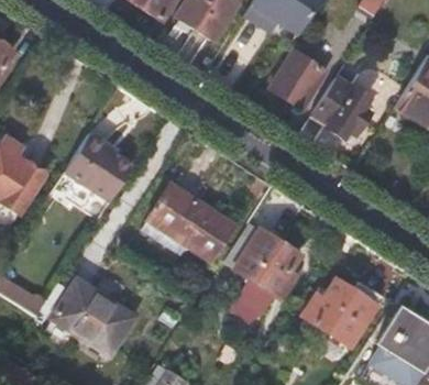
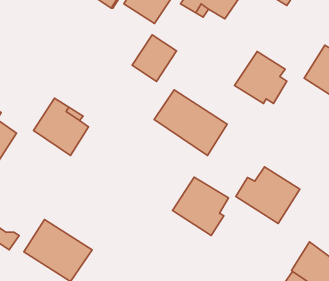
building: [273,51,327,108] -> [132,35,176,81]
building: [145,183,234,263] -> [154,90,227,156]
building: [300,278,378,348] -> [236,167,300,223]
building: [232,279,277,324] -> none

